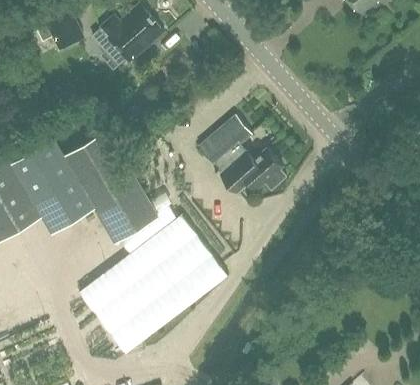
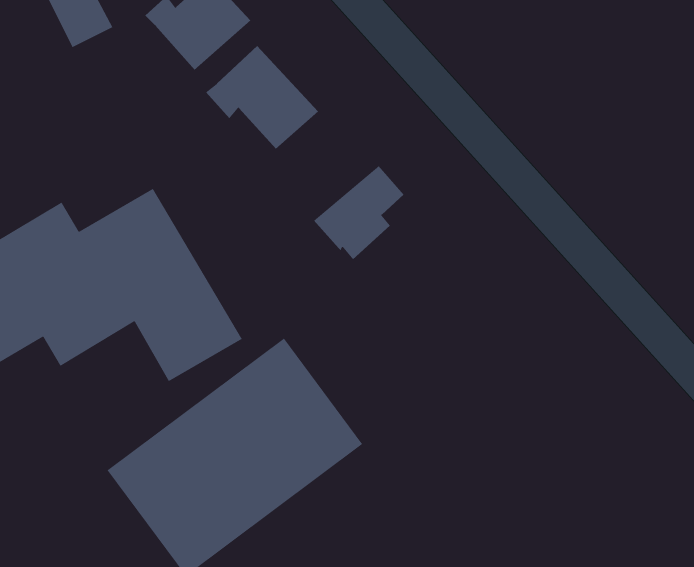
building: none -> [205,45,319,149]
building: [219,148,287,193] -> none

